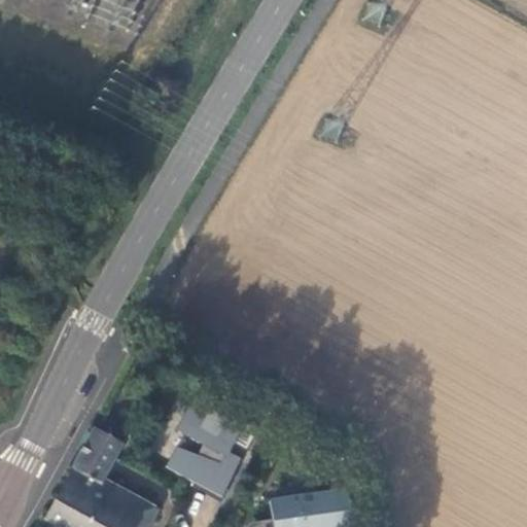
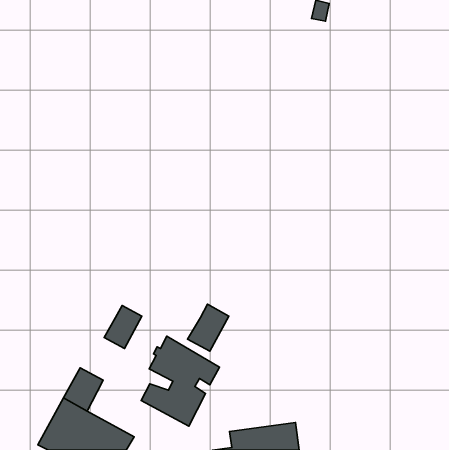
building: none -> [188,304,229,351]
building: none -> [104,305,142,349]

